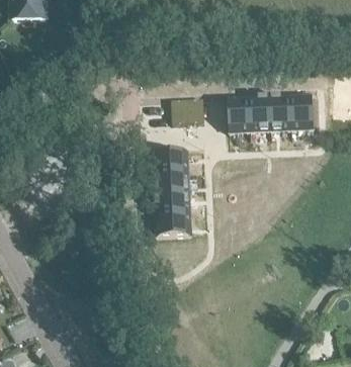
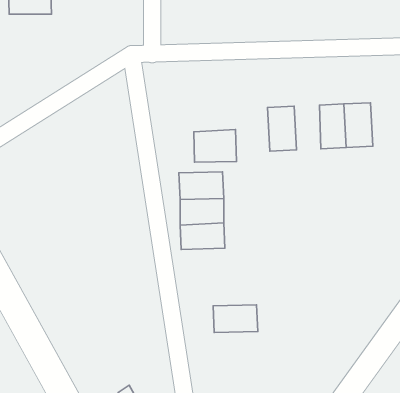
building: [249,95,271,132] -> none
building: none -> [194,130,237,162]
building: [155,214,192,238] -> [213,305,258,333]

